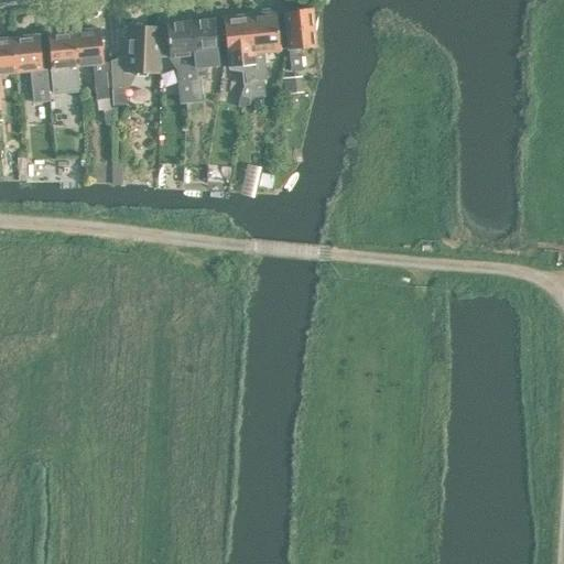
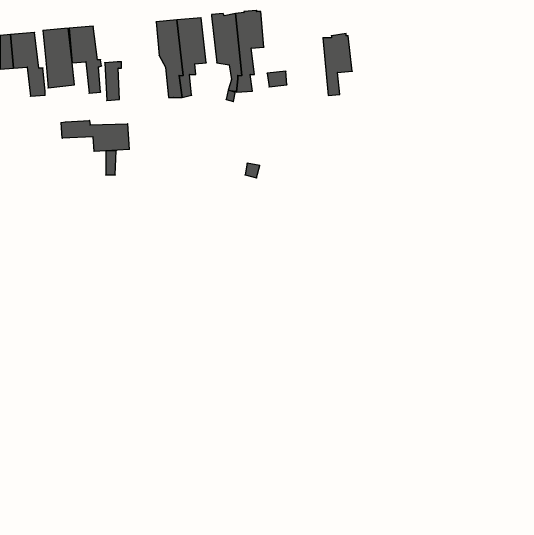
building: [284,7,315,72] -> [323,34,352,95]
building: [129,24,160,72] -> none
building: none -> [61,120,129,151]

